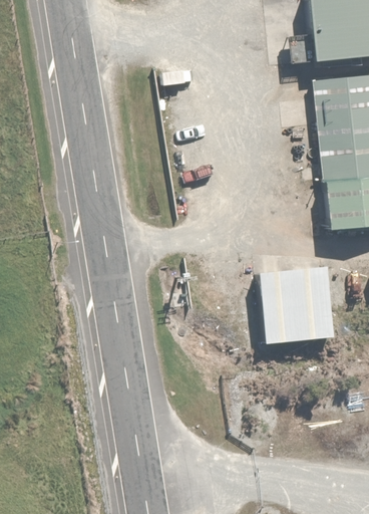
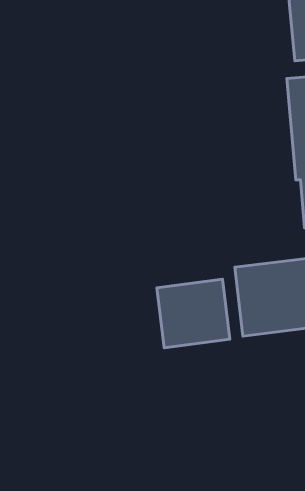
building: none -> [157,279,230,348]

